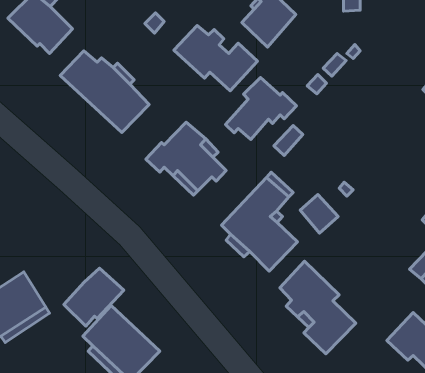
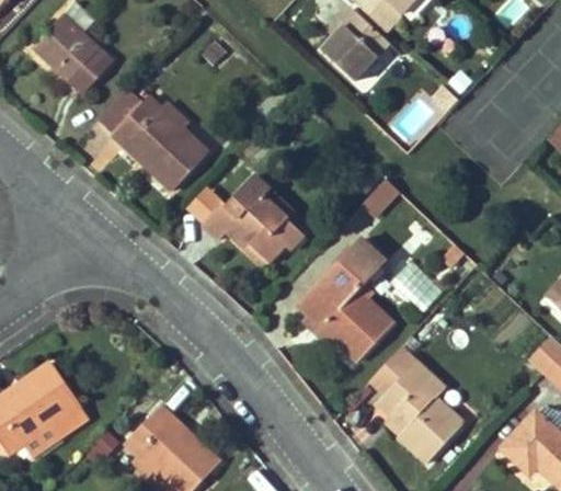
building: [174,26,258,91] -> none
building: [226,77,297,139] -> none
building: [64,268,124,326] -> none

